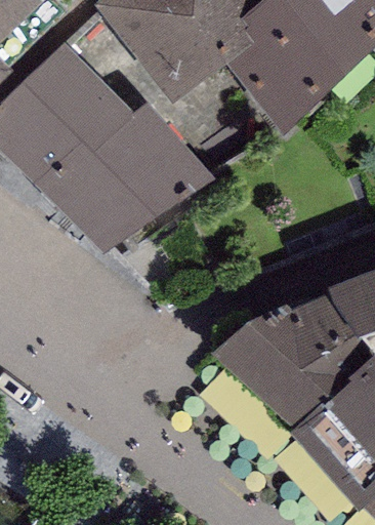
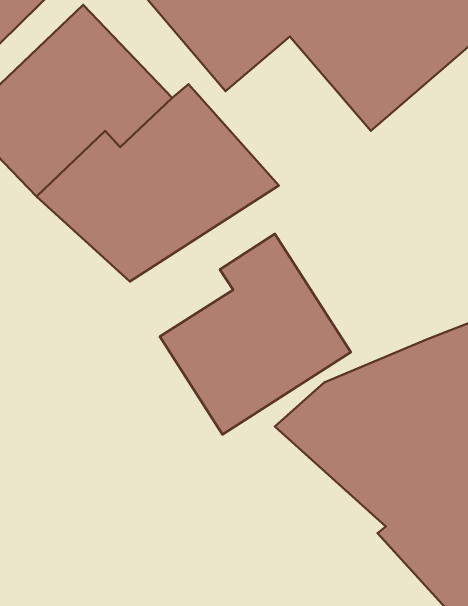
building: none -> [160,234,351,435]

